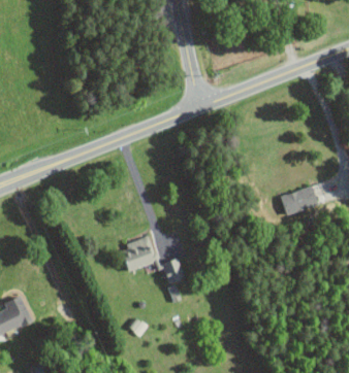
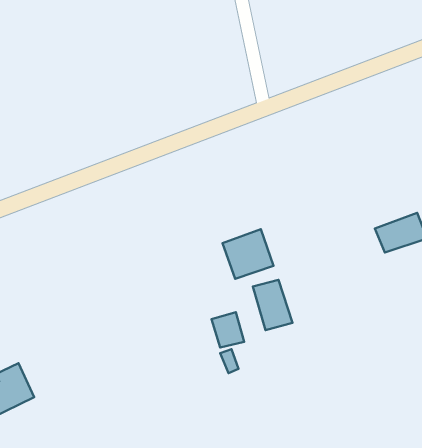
building: none -> [253,280,293,330]
building: [121,235,158,271] -> [222,229,274,279]

